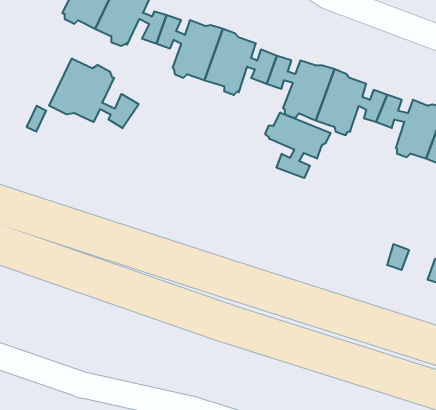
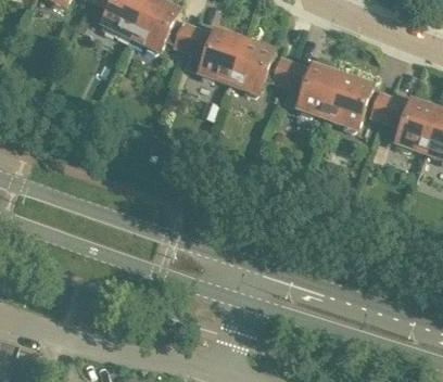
building: [49,58,139,128] -> none
building: [265,112,331,178] -> none

